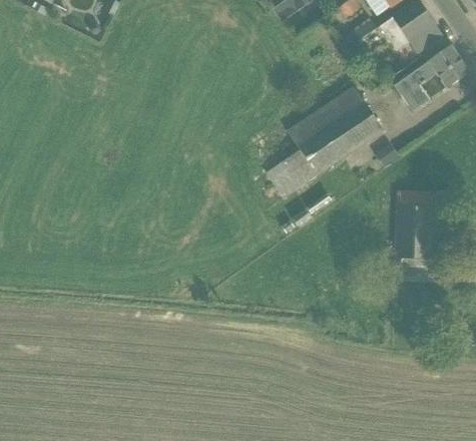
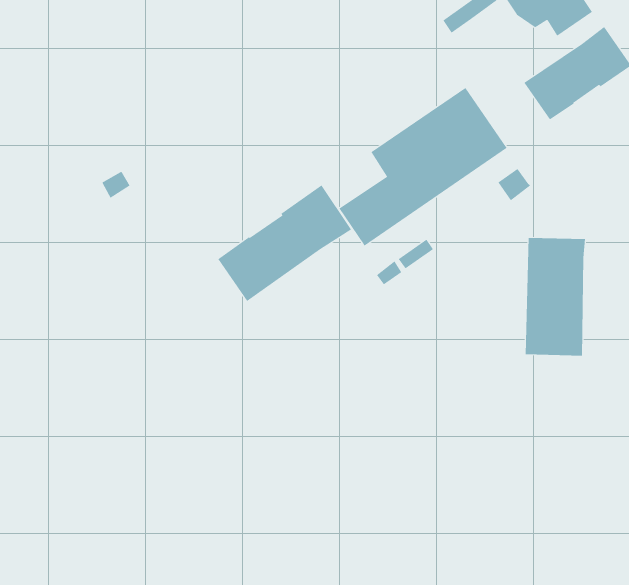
building: none -> [217,185,352,302]

